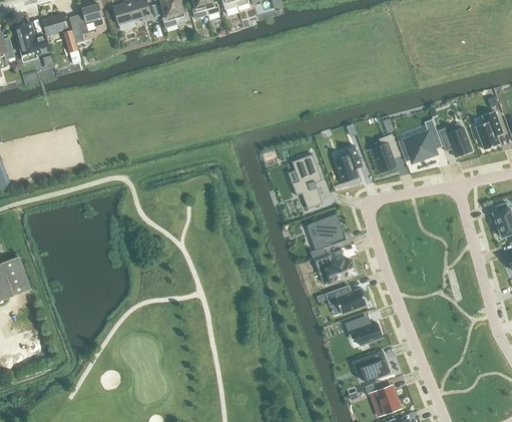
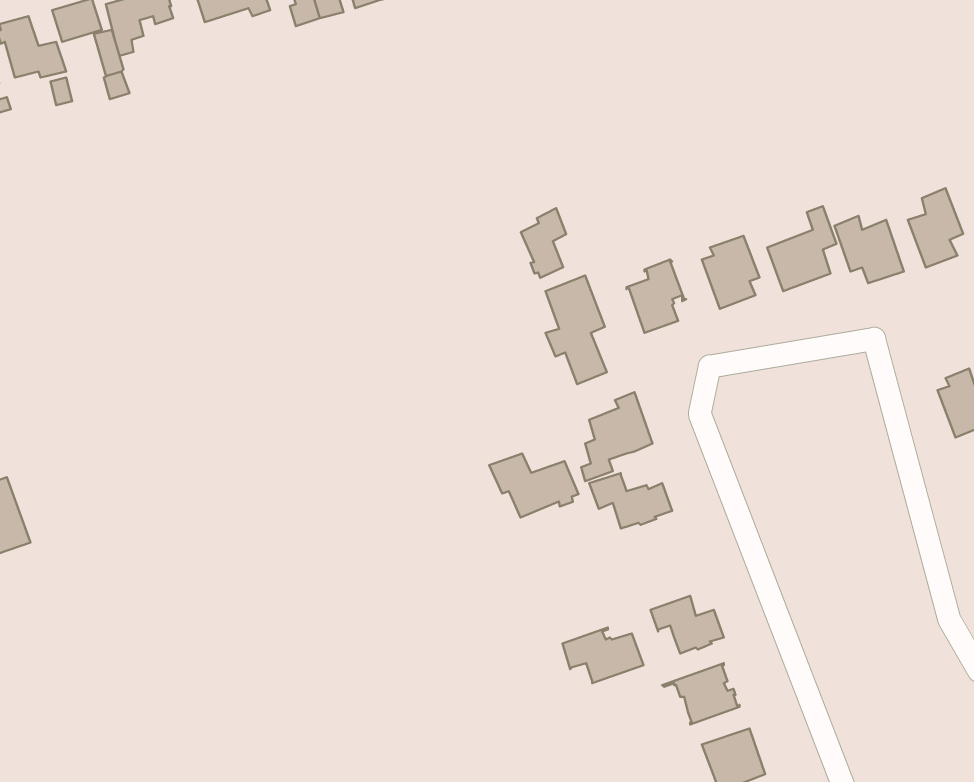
building: none -> [521,208,566,278]
building: none -> [489,453,579,517]
building: [325,285,366,313] -> [562,628,644,683]

